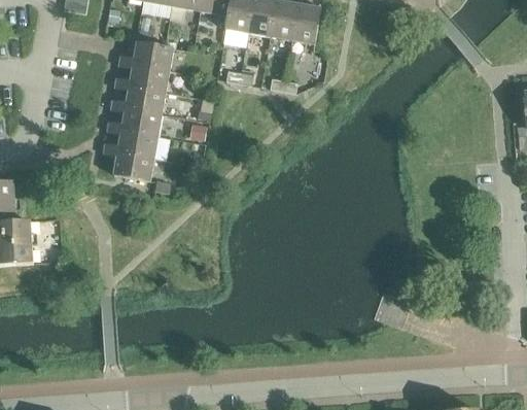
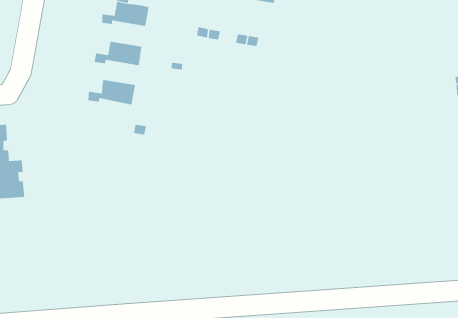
building: [114,64,169,93] -> none
building: [106,108,162,136] -> none
building: [113,151,153,180] -> none

